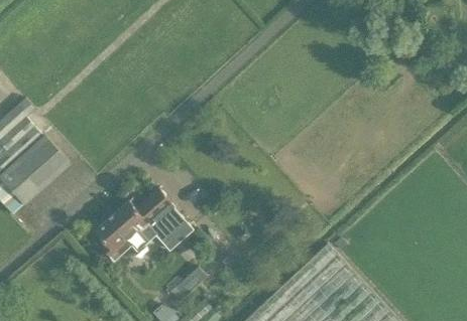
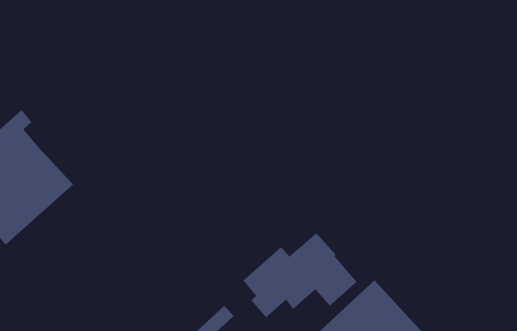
building: [94,188,193,262] -> [242,232,358,318]

